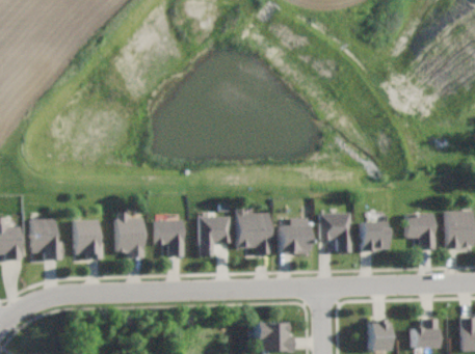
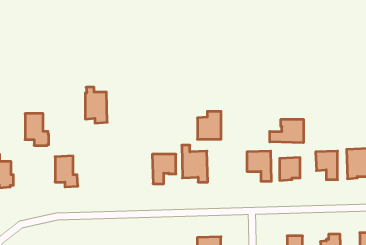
building: none -> [270,119,303,143]
building: [115,213,143,258] -> [85,87,107,123]
building: [279,218,309,253] -> [197,111,221,139]
building: [32,219,62,260] -> [25,114,49,145]
building: [154,221,183,256] -> none

